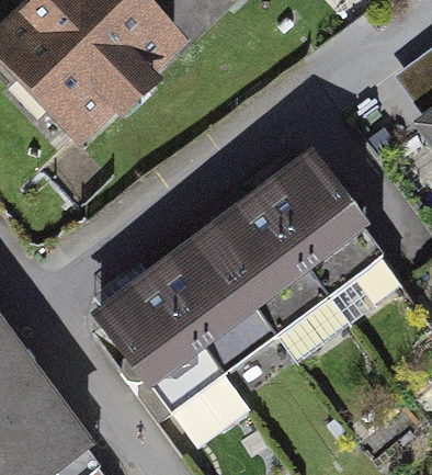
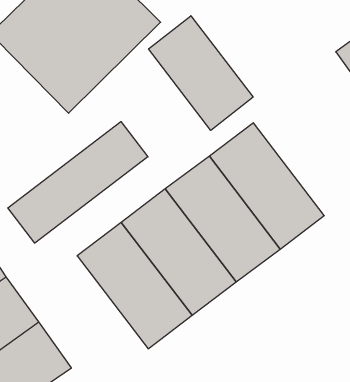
building: none -> [149,16,253,130]
building: none -> [8,122,148,243]

